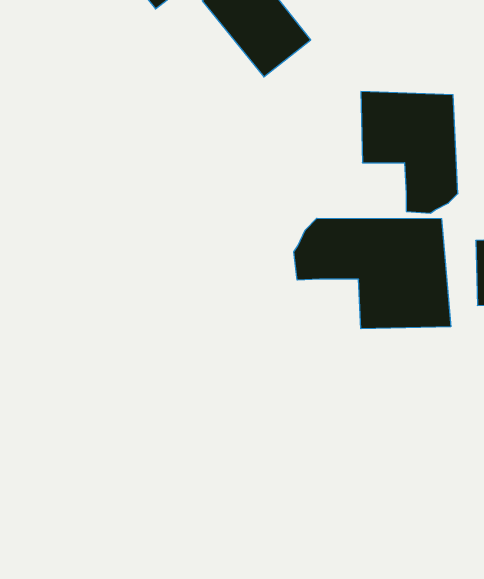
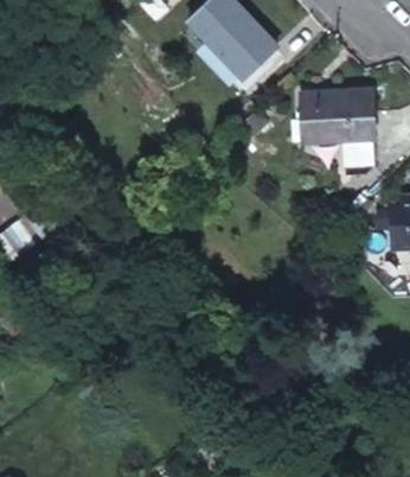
building: [294,218,451,329] -> none

